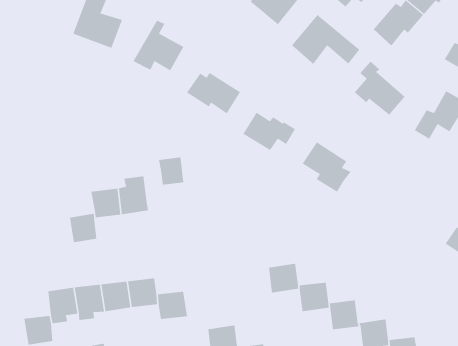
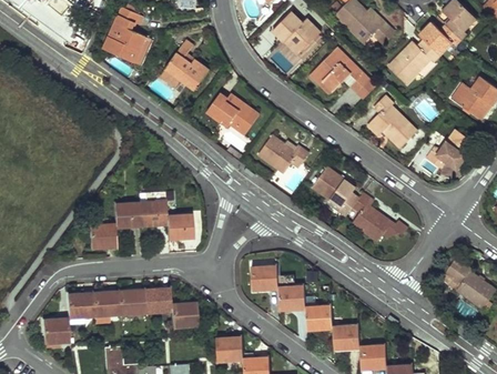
building: [158,157,184,185] -> [164,212,187,237]
building: none -> [353,195,408,243]
building: none -> [251,264,275,289]

